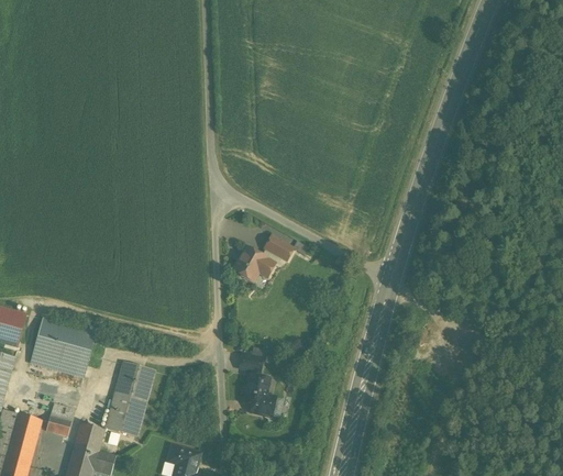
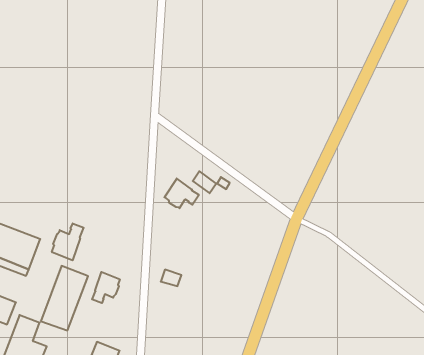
building: none -> [52,223,84,260]
building: none -> [92,272,120,303]
building: [243,374,275,416] -> none

